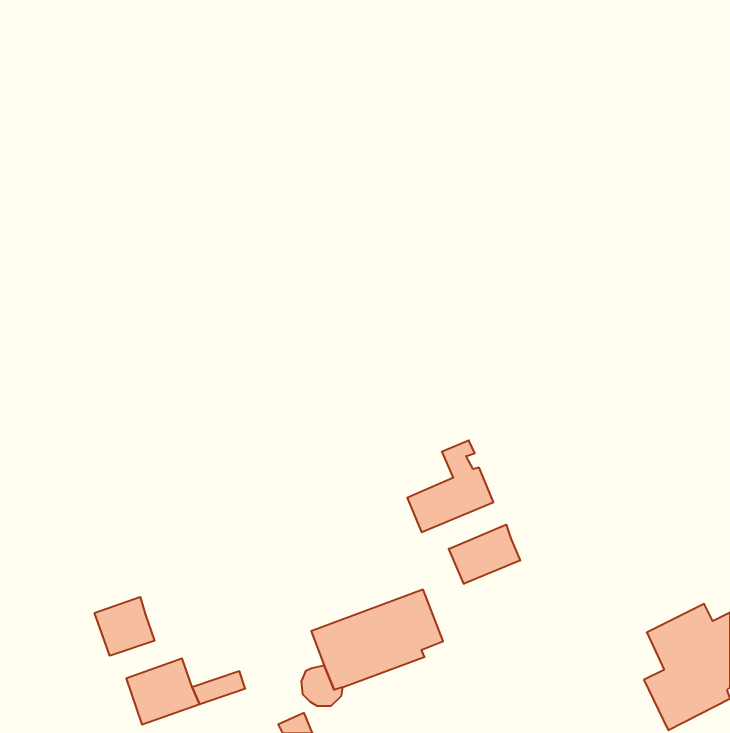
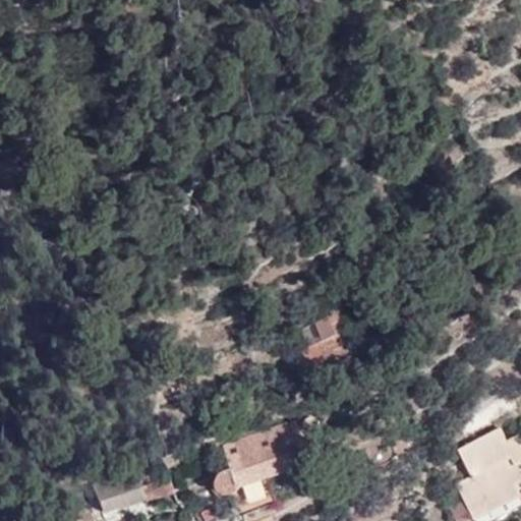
building: [449,525,520,584] -> none
building: [95,597,154,656] -> none

